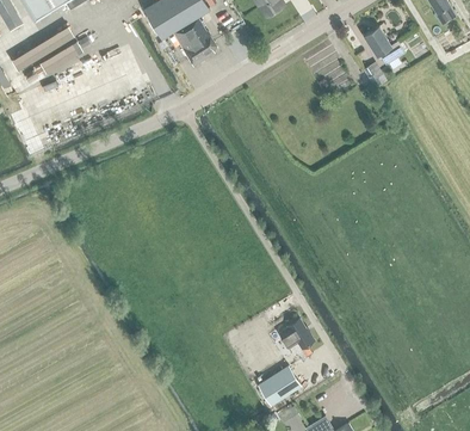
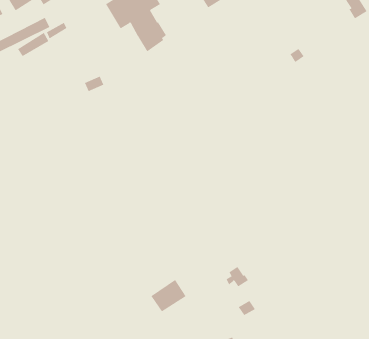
building: [363,26,404,64] -> none
building: [258,365,301,405] -> [151,279,186,312]

